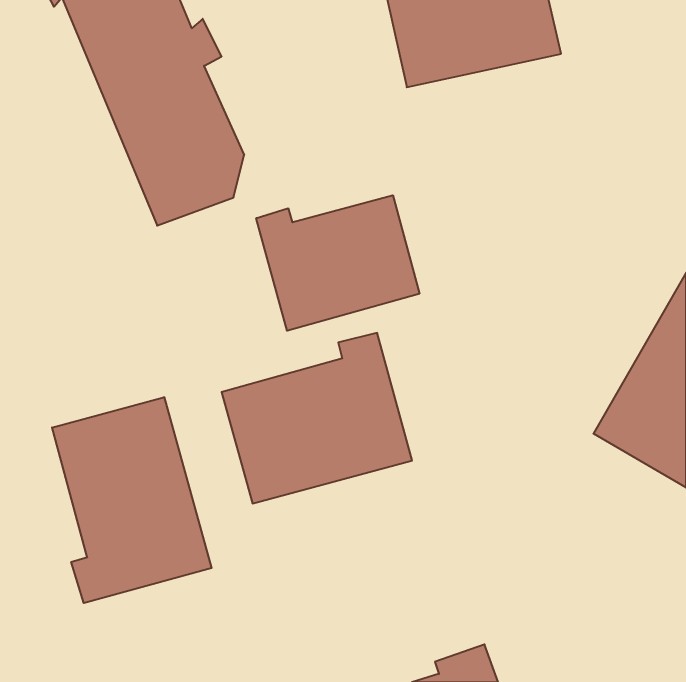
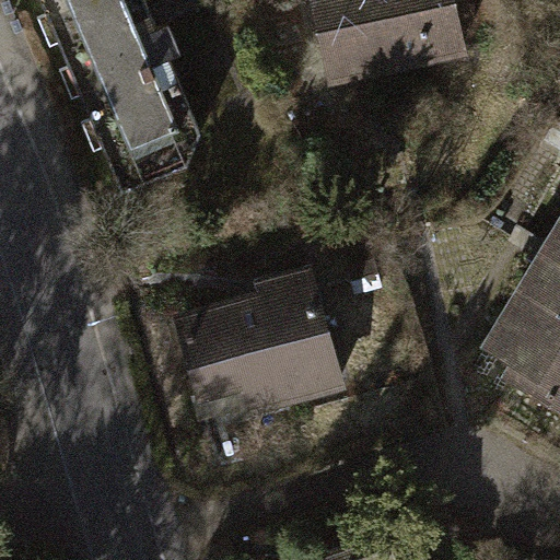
building: [256,195,419,331] -> none
building: [52,397,212,603] -> none

